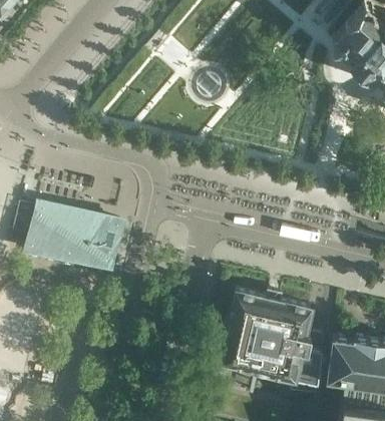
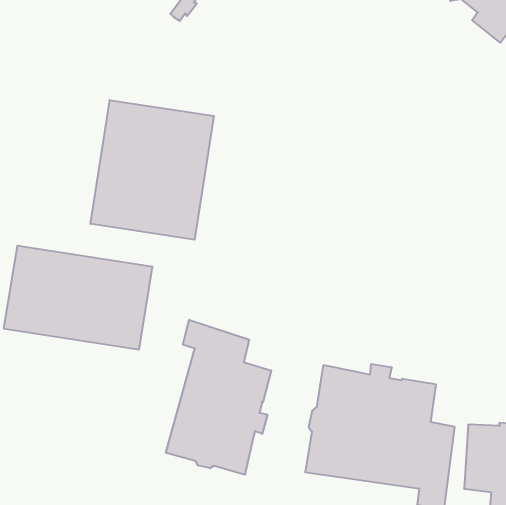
building: none -> [90,100,214,240]
building: none -> [166,320,271,475]

